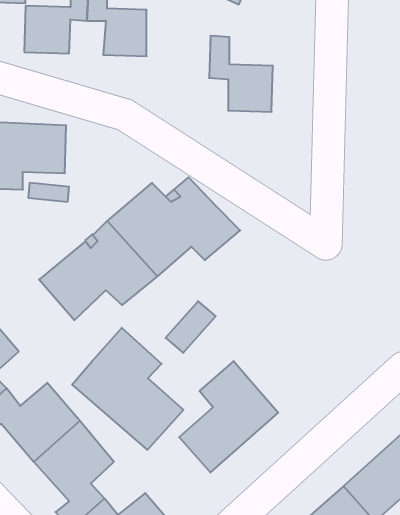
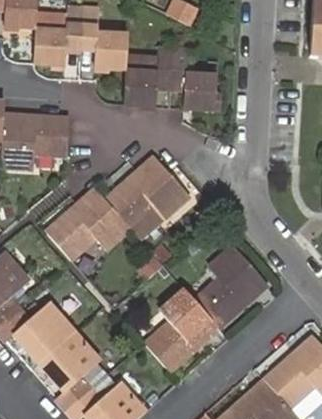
building: none -> [123,49,171,104]
building: none -> [198,244,272,327]
building: [72,328,183,450] -> none

